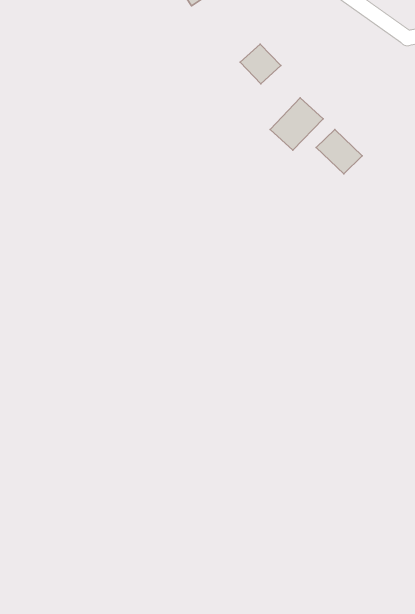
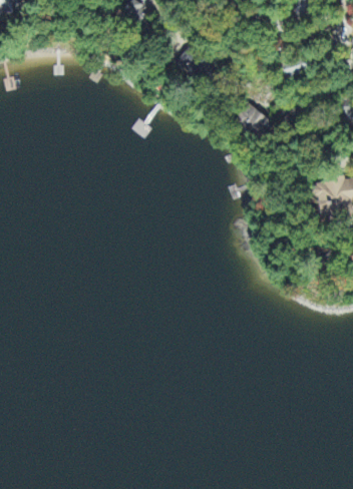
building: [270,98,323,150] -> none

